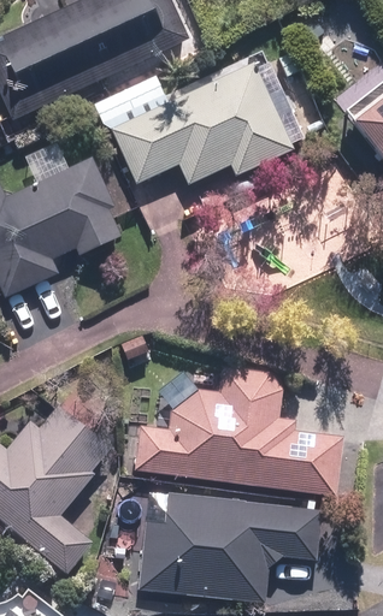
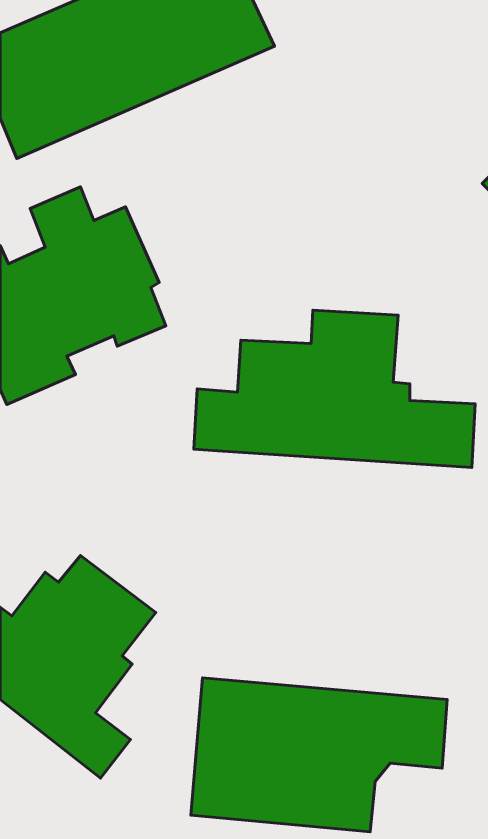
building: [106,59,291,185] -> none
building: [137,368,340,481] -> [194,310,475,468]

